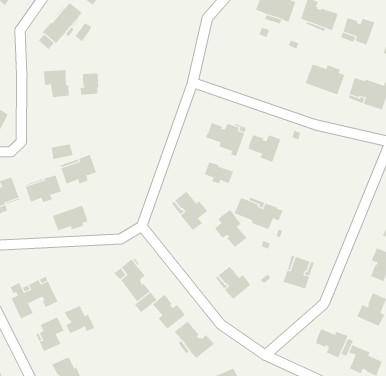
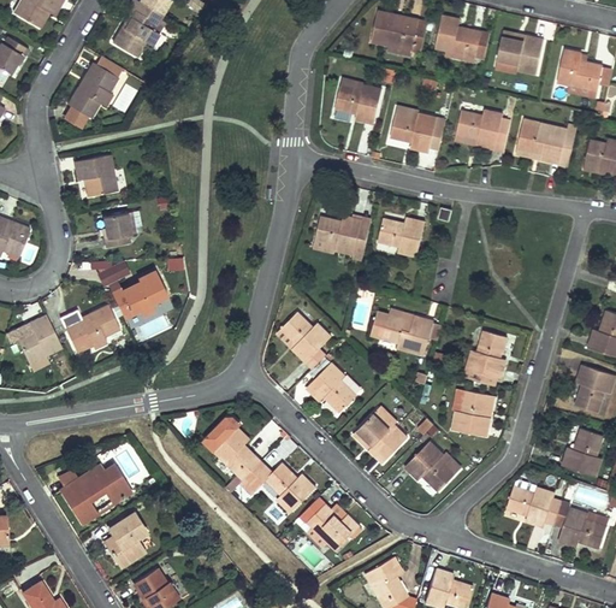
building: none -> [331,83,378,122]
building: none -> [389,111,444,149]
building: [80,73,99,95] -> [102,214,130,249]
building: [204,162,234,184] -> none
building: [52,205,88,231] -> none
building: [214,209,247,247] -> [306,355,355,409]
building: none -> [460,330,503,384]
building: none -> [403,438,452,488]
building: [64,305,95,334] -> none

